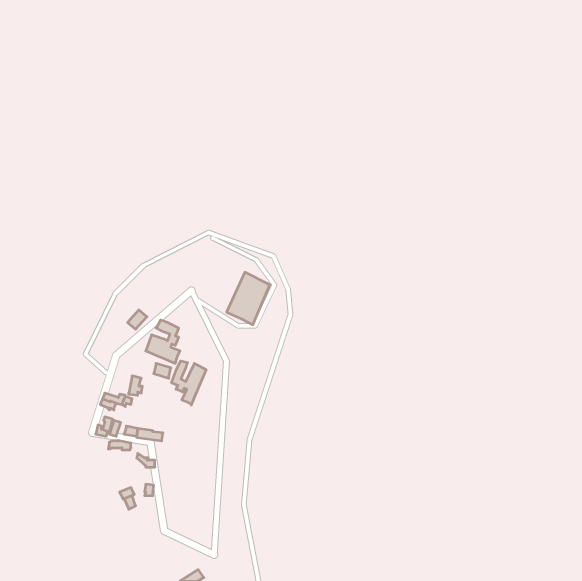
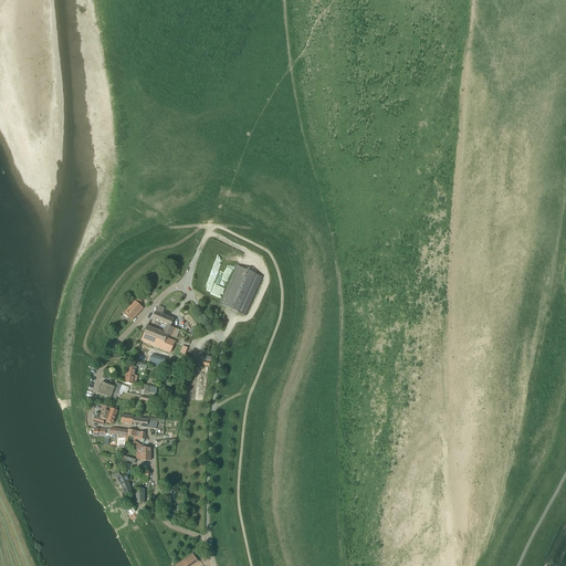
building: [172,361,206,405] -> none

